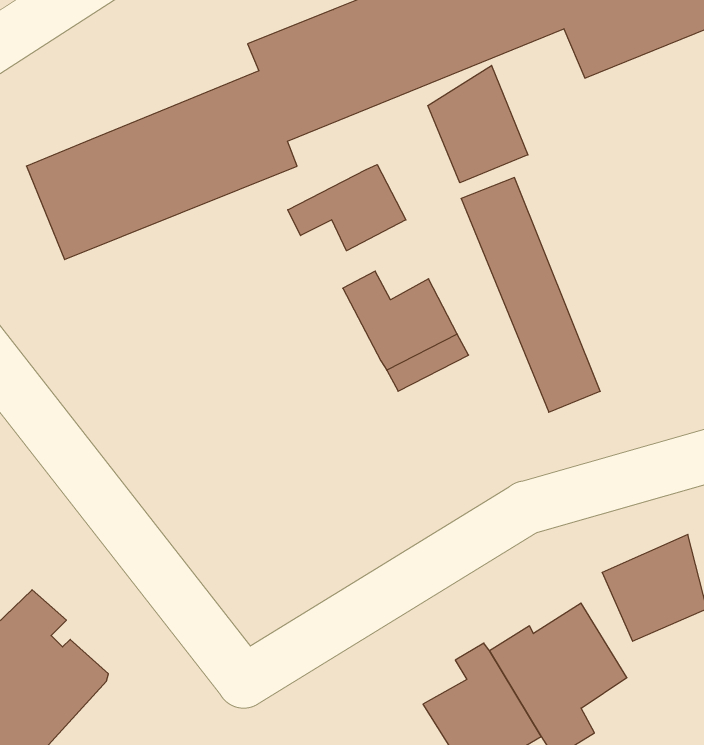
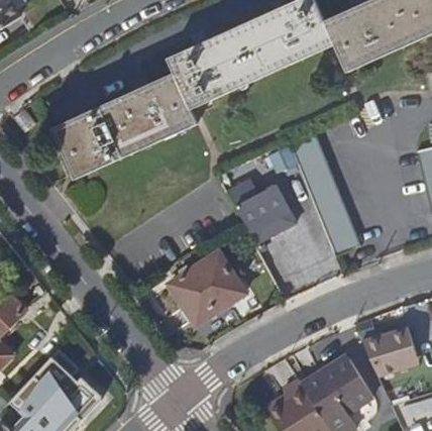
building: [428,65,528,183] -> none
building: [288,165,406,251] -> none
building: none -> [168,249,244,323]

